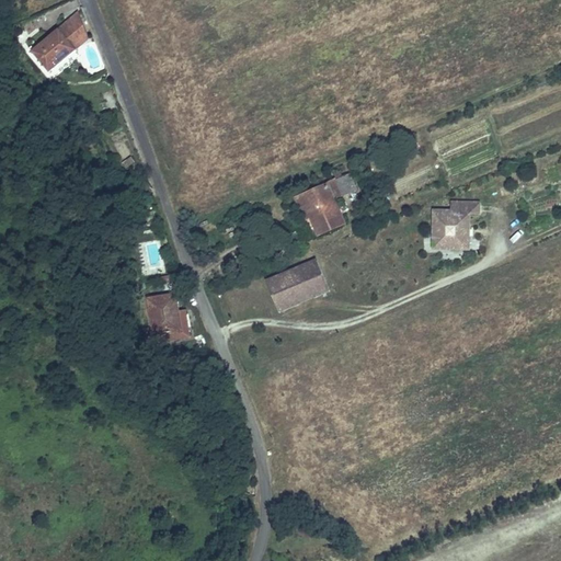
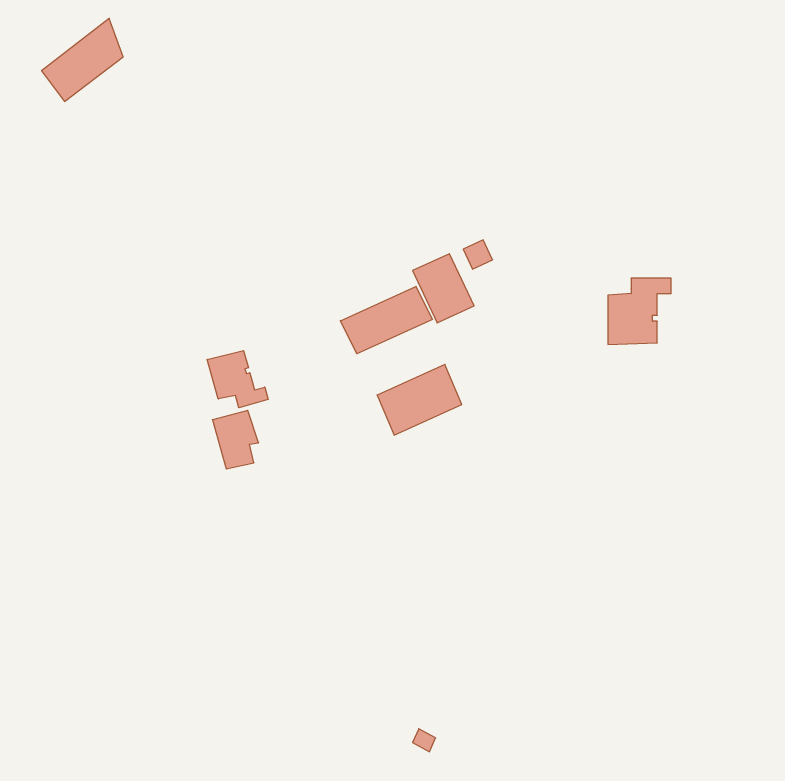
building: none -> [340,286,432,354]
building: none -> [207,351,268,408]

